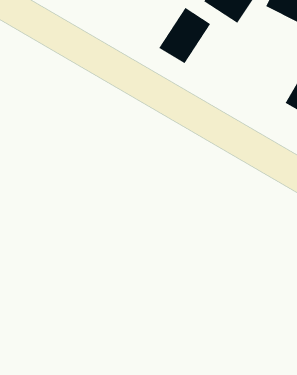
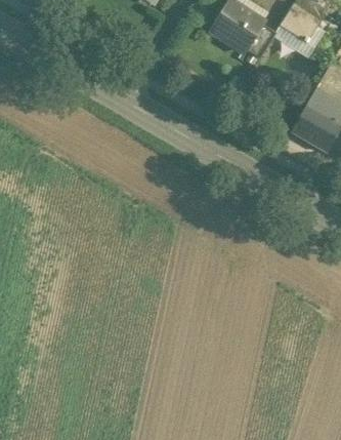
building: [158,7,211,64] -> none

